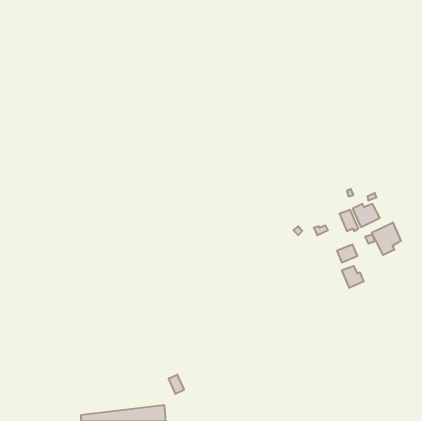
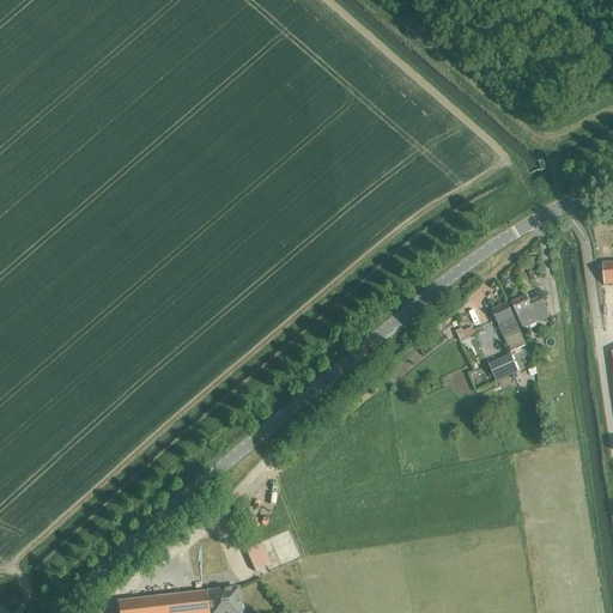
building: [372,222,401,255] -> none
building: [342,266,364,288] -> none

